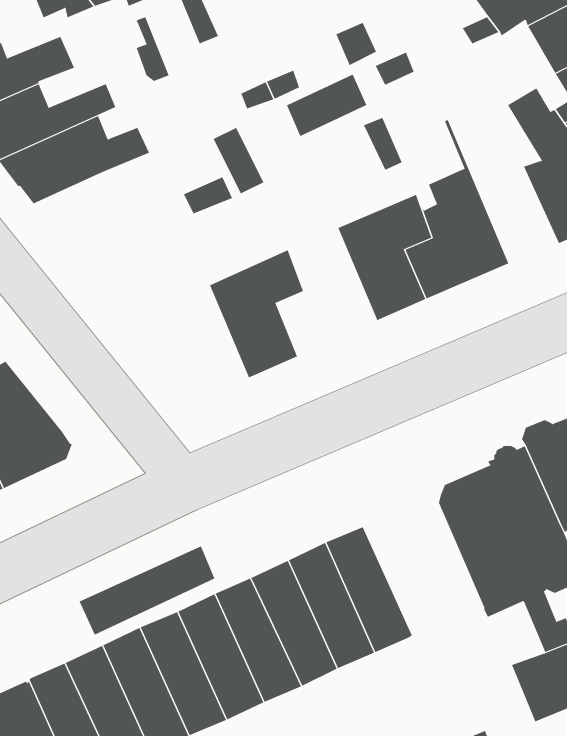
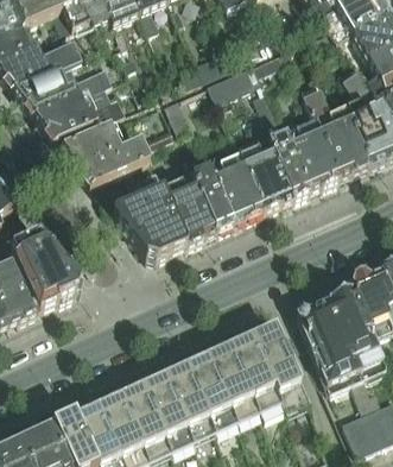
building: none -> [305,81,372,173]
building: none -> [59,122,150,183]
building: none -> [202,152,262,229]
building: none -> [113,187,185,255]
building: none -> [254,321,312,410]
building: [79,546,215,635] -> none

